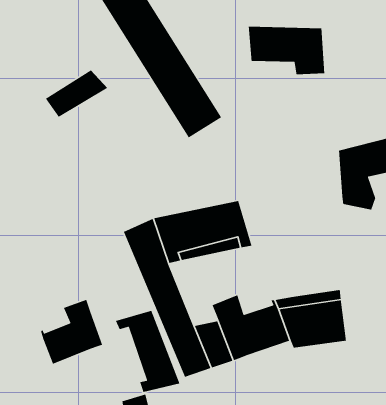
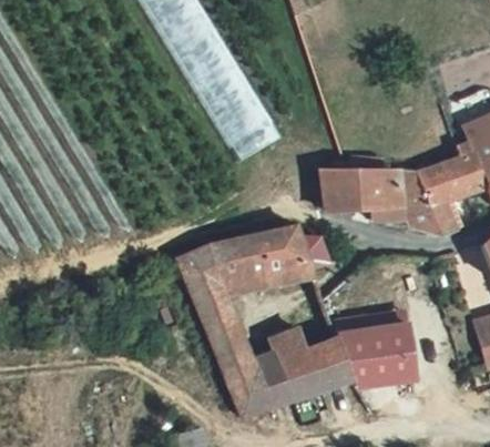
building: [248,26,325,75] -> [326,169,408,221]
building: [45,70,108,118] -> none
building: [40,299,103,365] -> none
building: [115,310,181,393] -> none

